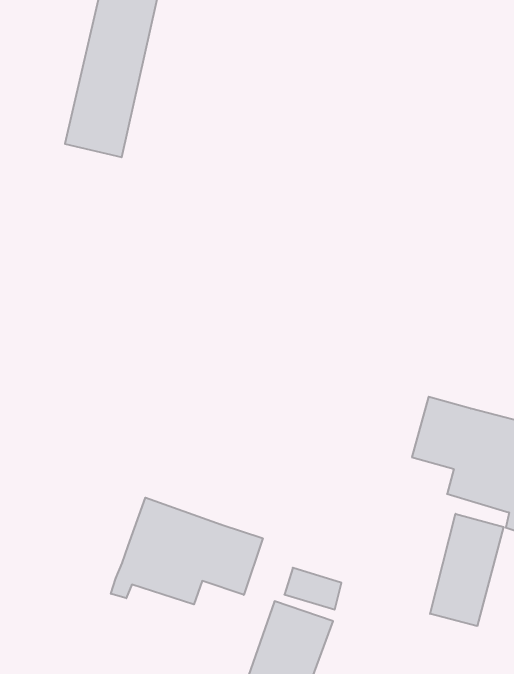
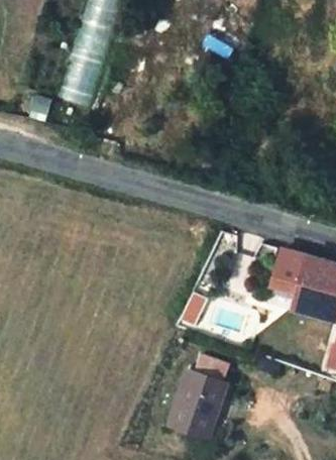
building: [111,498,263,604] -> none
building: [430,514,504,626] -> none

